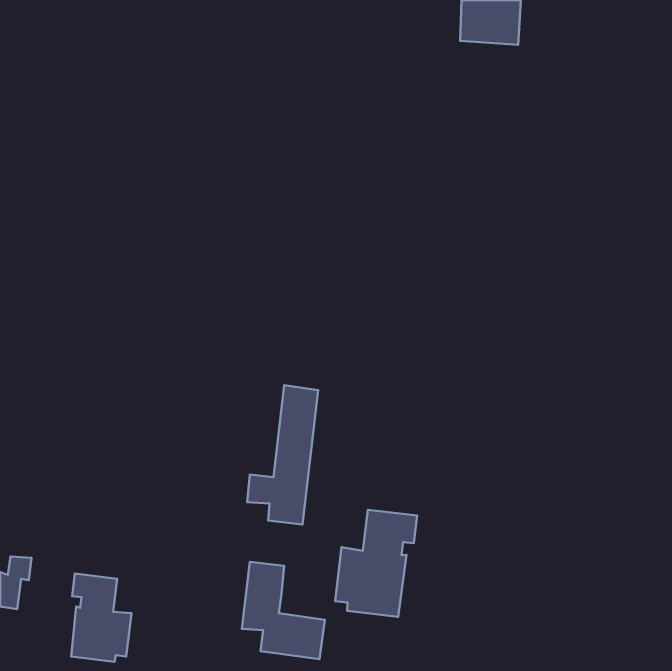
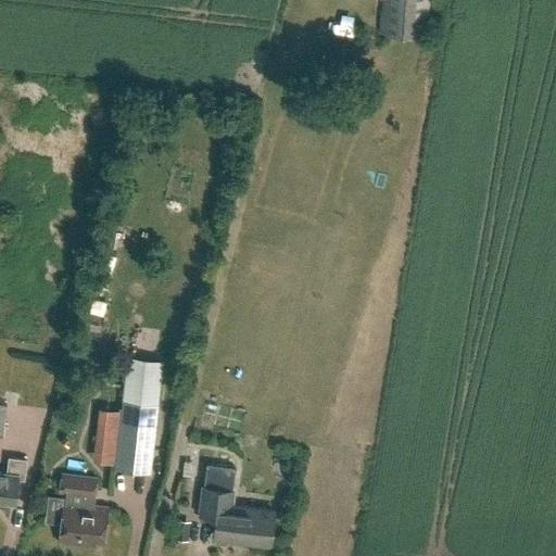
building: [247,385,318,525] -> [100,356,159,471]
building: [335,510,417,617] -> none

